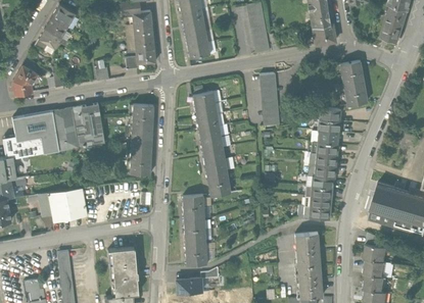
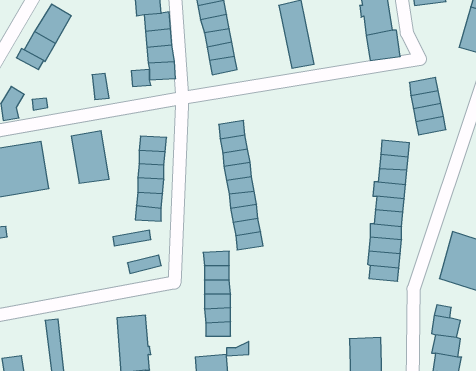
building: [258,73,280,124] -> none
building: [54,107,84,148] -> none
building: [37,188,87,222] -> none
building: [293,233,320,265] -> none

